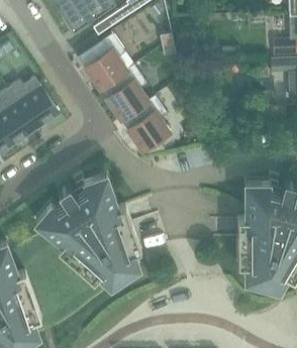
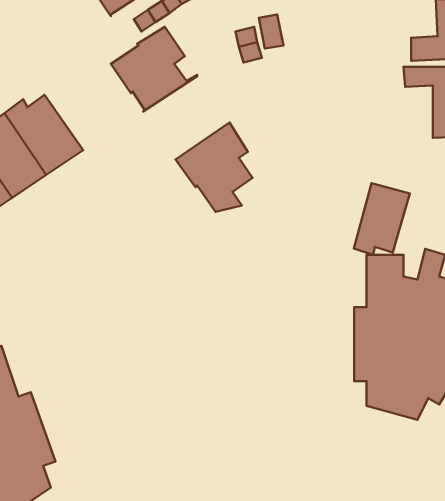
building: [98,65,155,119] -> none
building: none -> [354,183,410,255]
building: [34,172,140,285] -> none

